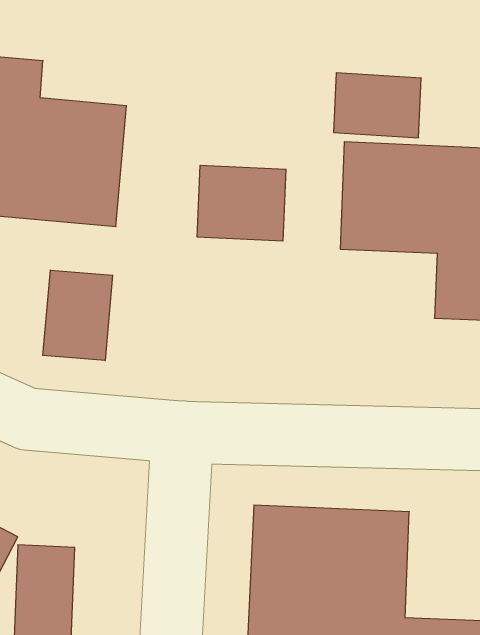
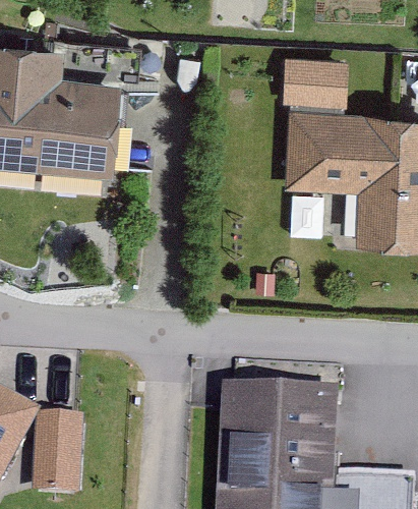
building: [197,165,286,241] -> none
building: [43,270,113,361] -> none

